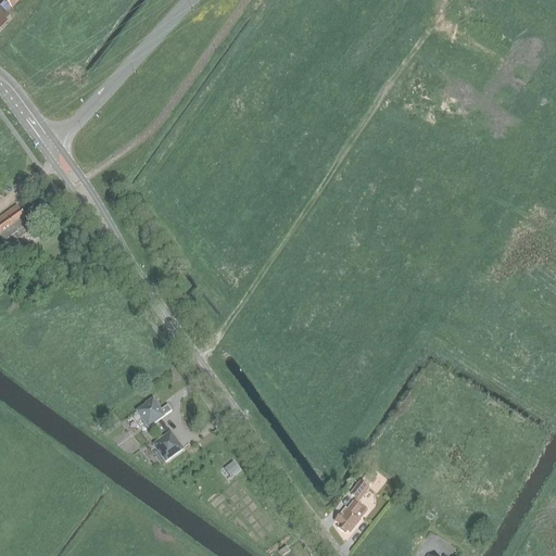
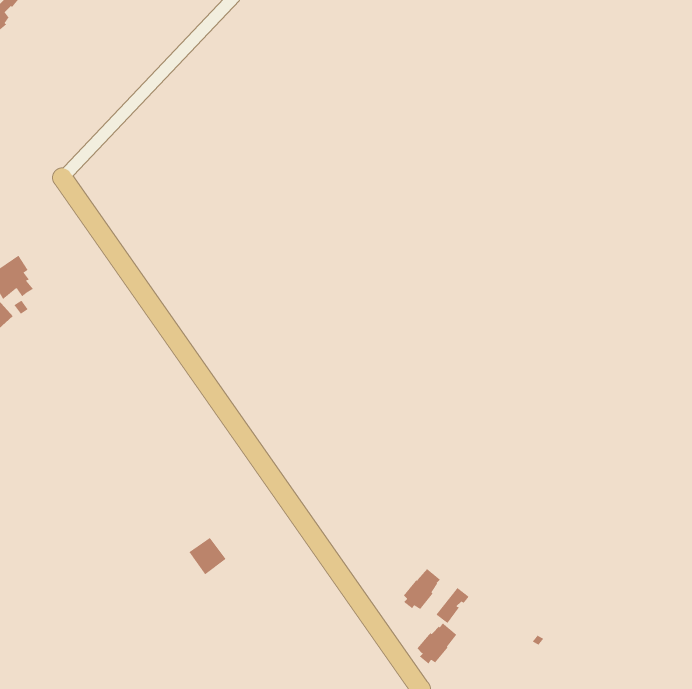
building: [135,396,170,426] -> none
building: none -> [403,568,441,610]

